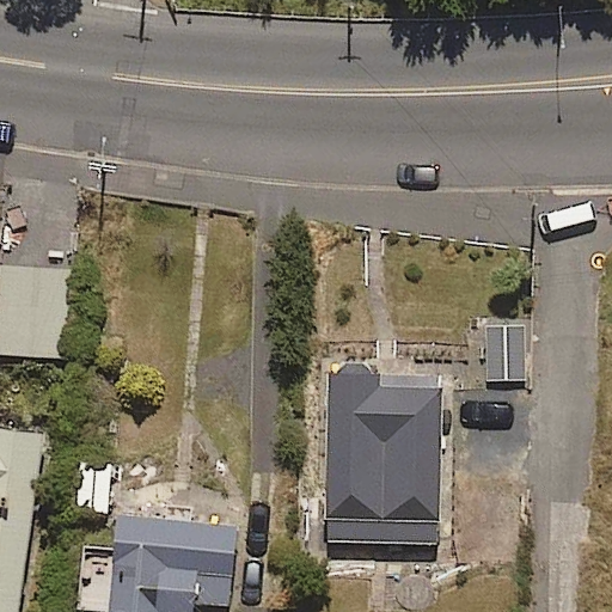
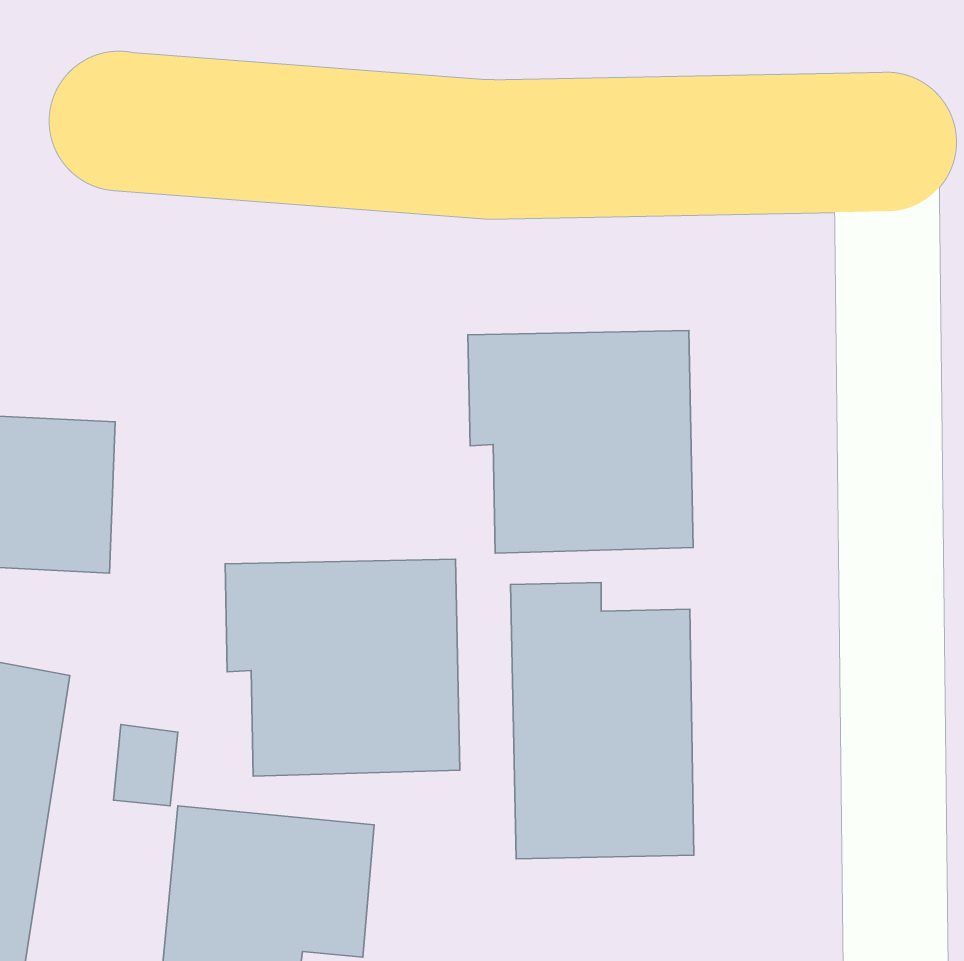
building: none -> [468,330,693,553]
building: none -> [225,559,460,776]

